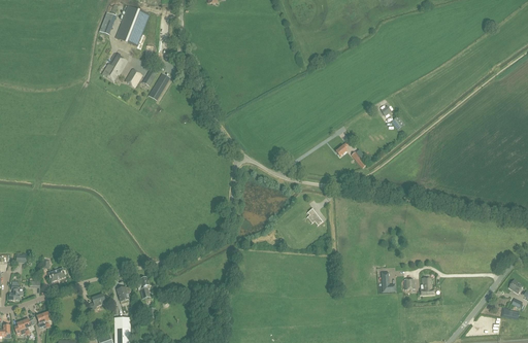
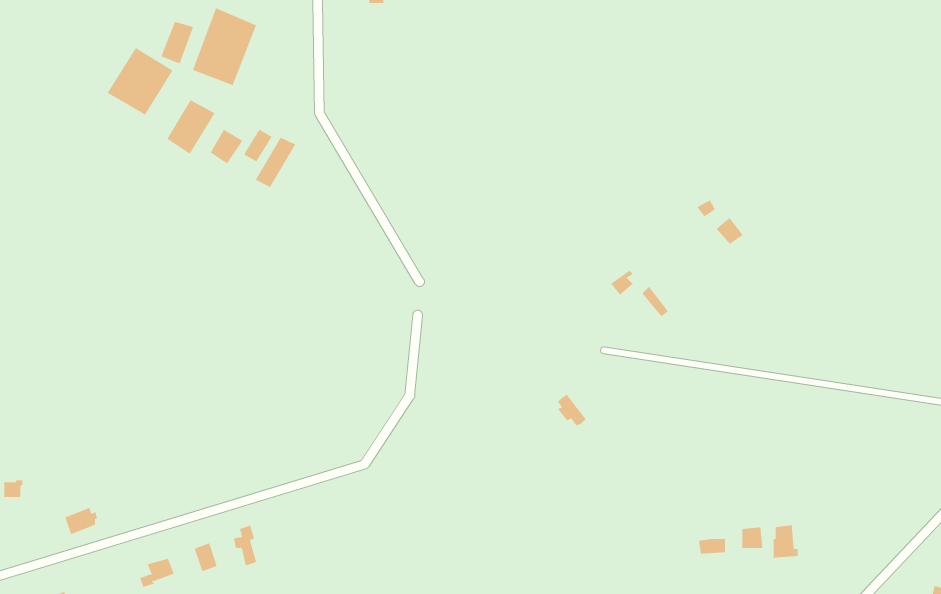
building: none -> [107,47,173,115]

